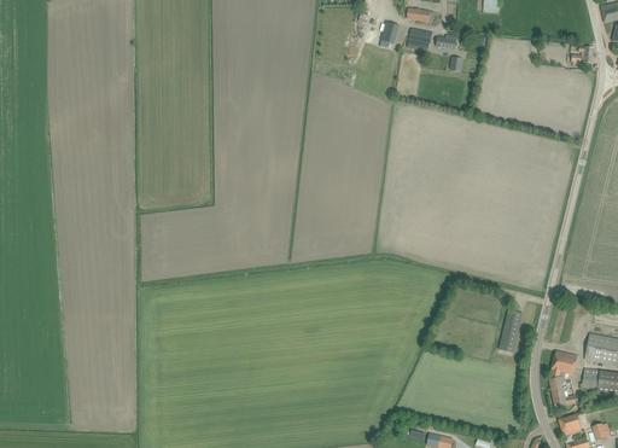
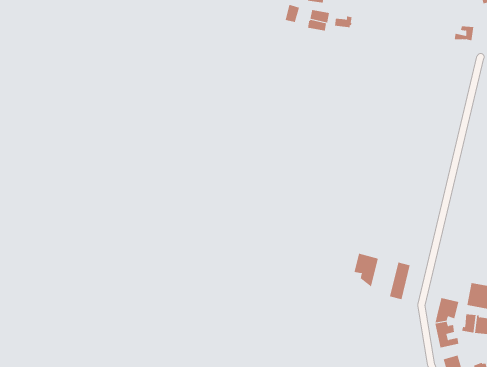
building: none -> [354,253,379,288]

